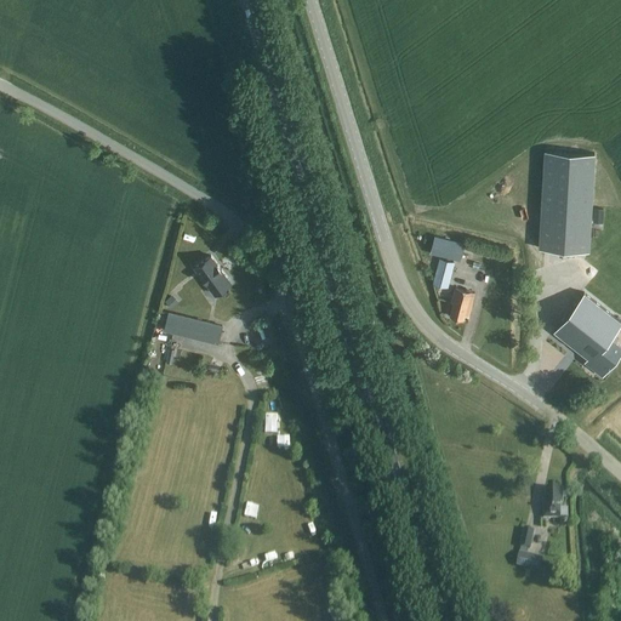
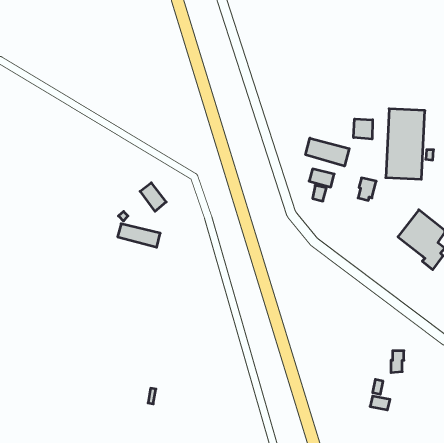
building: none -> [354,119,373,139]
building: none -> [306,138,349,166]
building: [451,290,477,321] -> [358,178,376,200]

